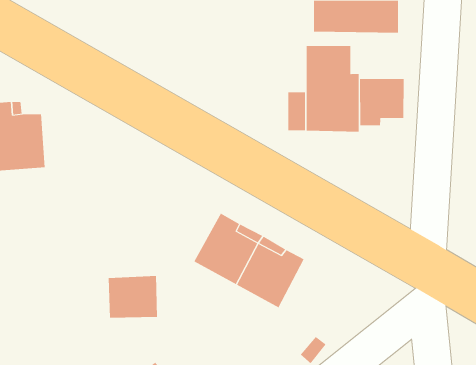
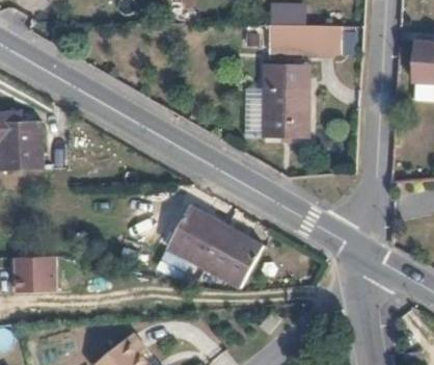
building: [360,78,404,126] -> none
building: [108,276,158,318] -> [15,255,57,291]

